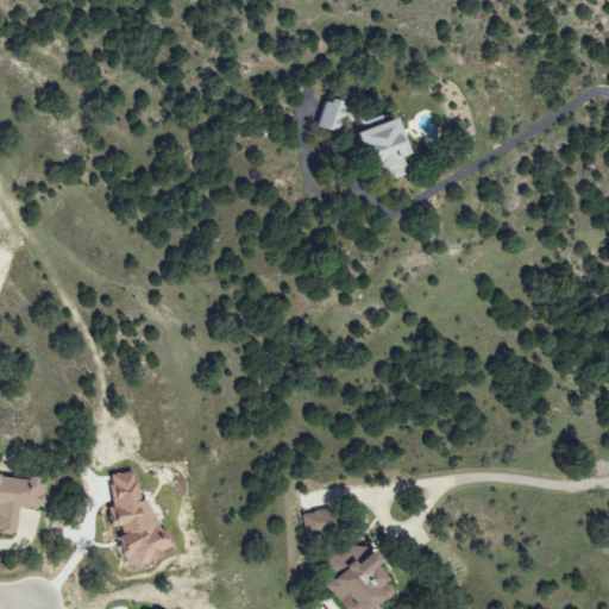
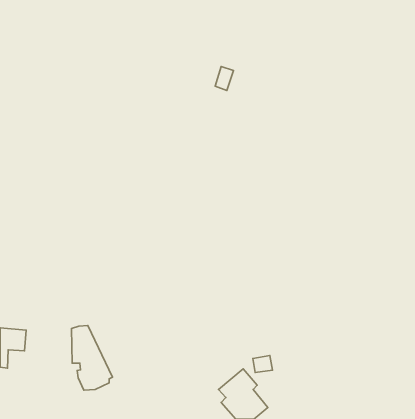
building: [357,115,408,183] -> none
building: [306,508,334,533] -> [253,355,272,373]

